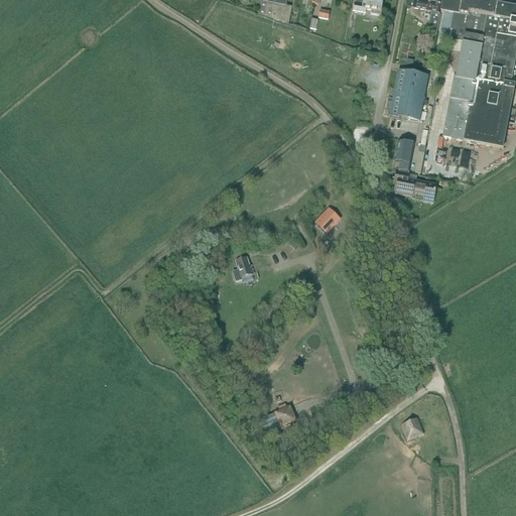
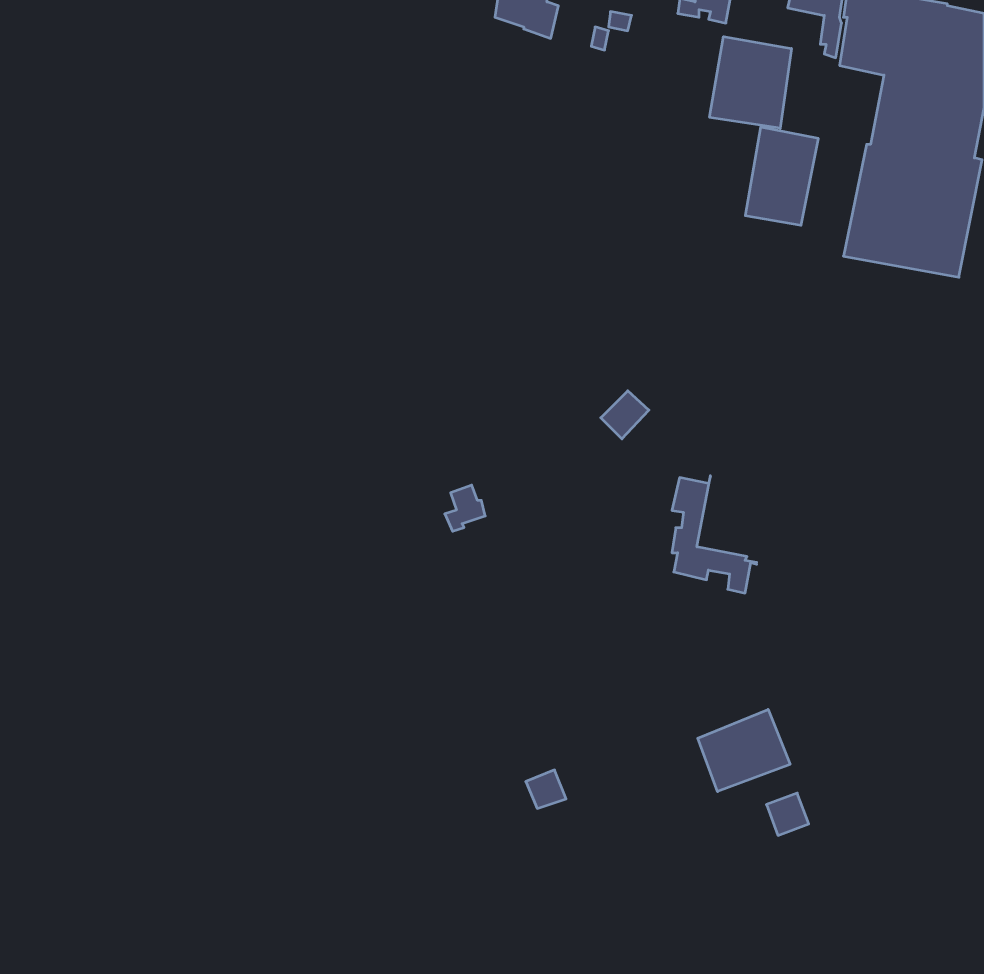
building: none -> [710,37,791,128]
building: [394,139,438,201] -> [672,476,757,593]
building: none -> [698,709,790,792]

